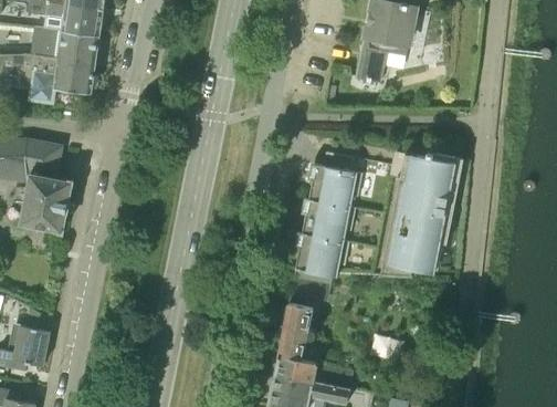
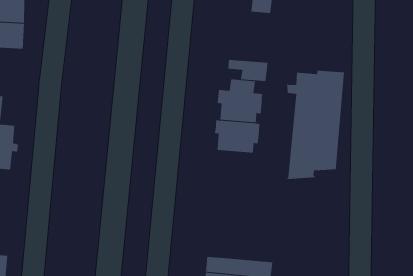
building: none -> [228,59,268,82]
building: [294,231,348,276] -> none
building: [277,302,316,358] -> none

